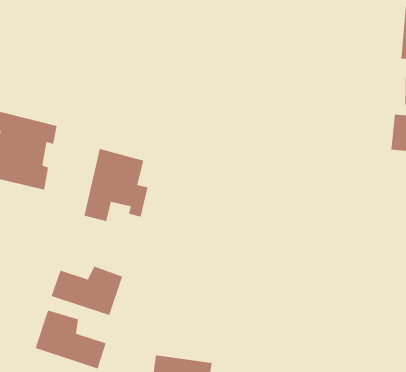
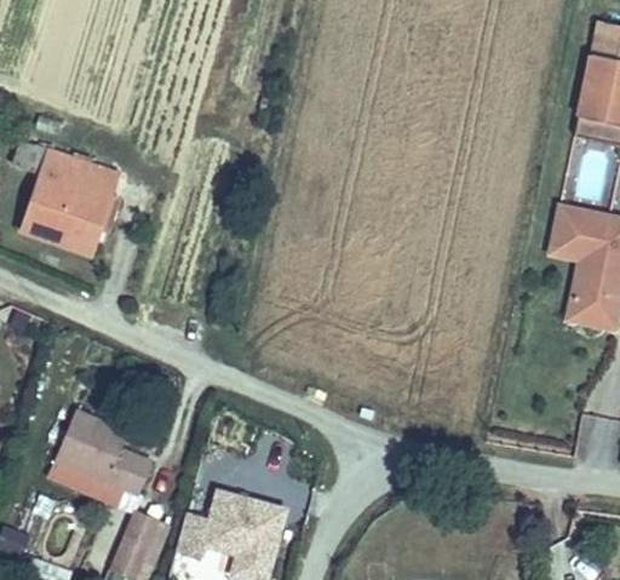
building: [84,148,148,222] -> none
building: [51,266,123,316] -> none

